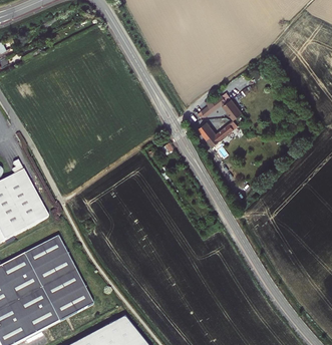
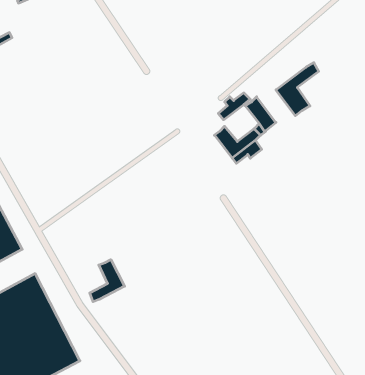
building: none -> [276,63,319,116]
building: none -> [90,260,125,302]

